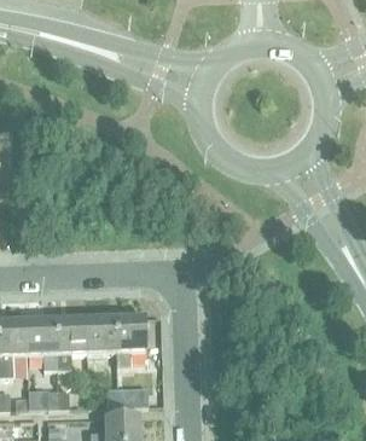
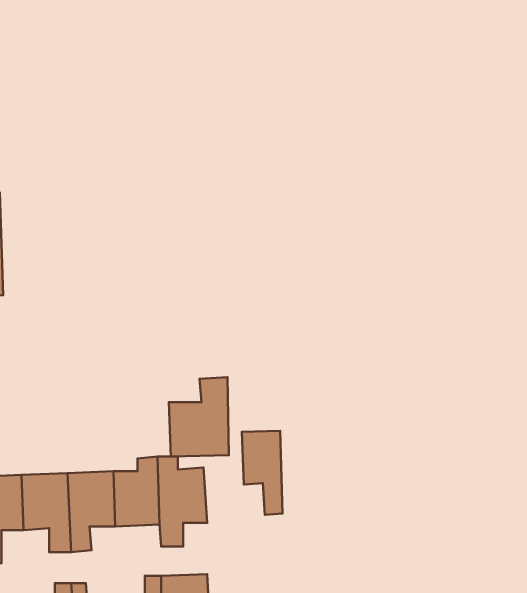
building: none -> [169,377,229,457]
building: none -> [242,431,282,515]

